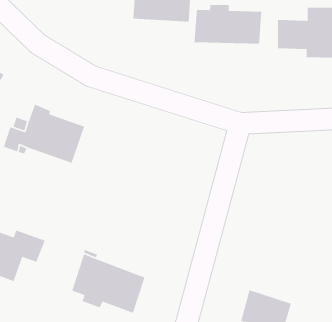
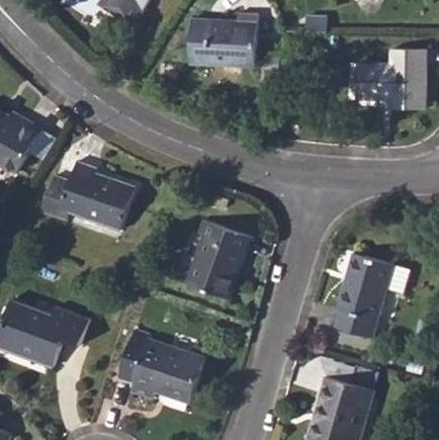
building: [194,4,262,44] -> none
building: none -> [187,221,250,299]
building: none -> [337,252,393,338]

